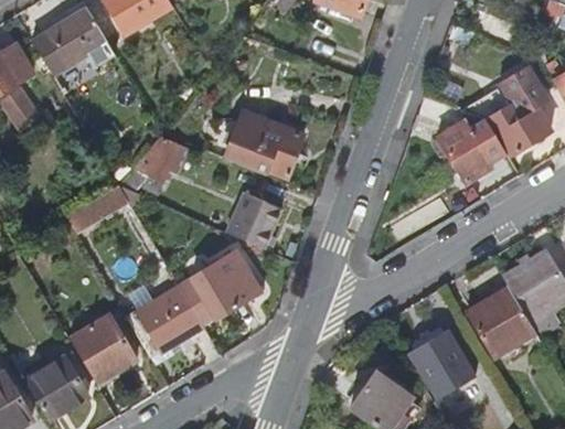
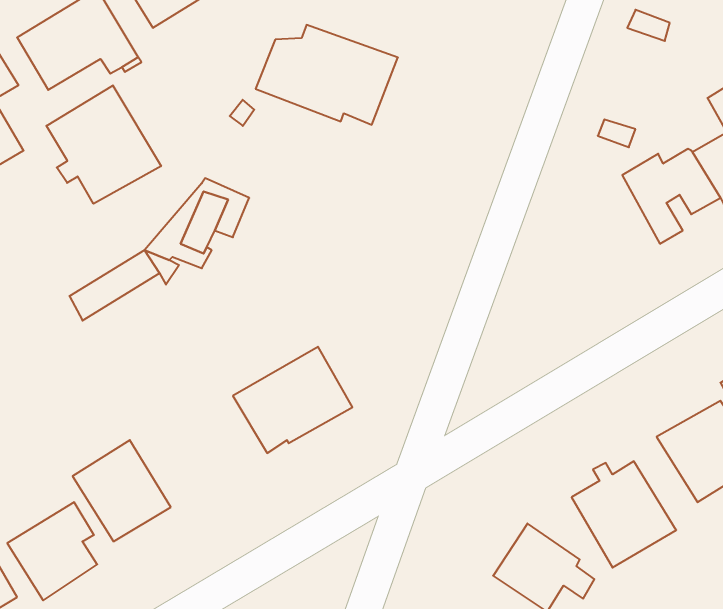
building: none -> [46,85,161,204]
building: [209,110,305,178] -> [256,25,398,125]
building: [225,192,281,248] -> none
building: [127,283,204,363] -> none

